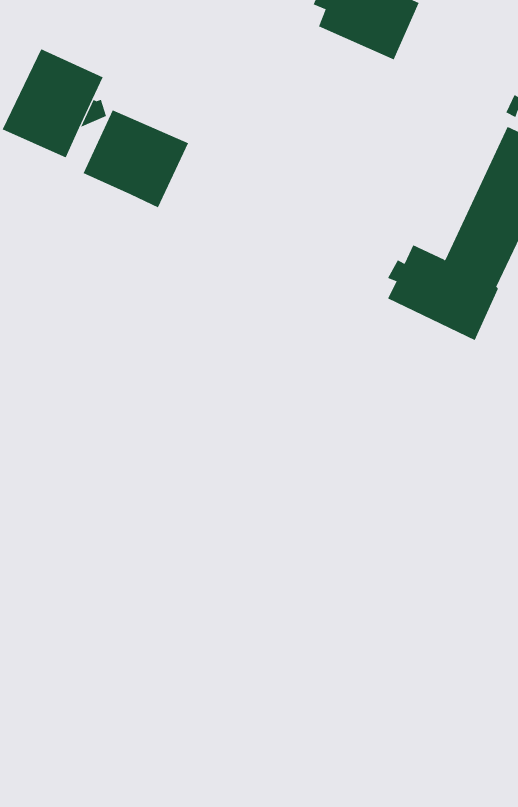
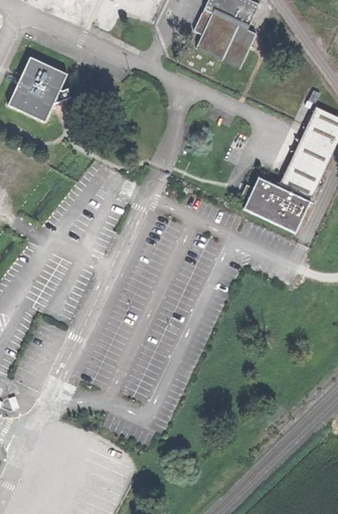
building: [83,109,189,208] -> none

